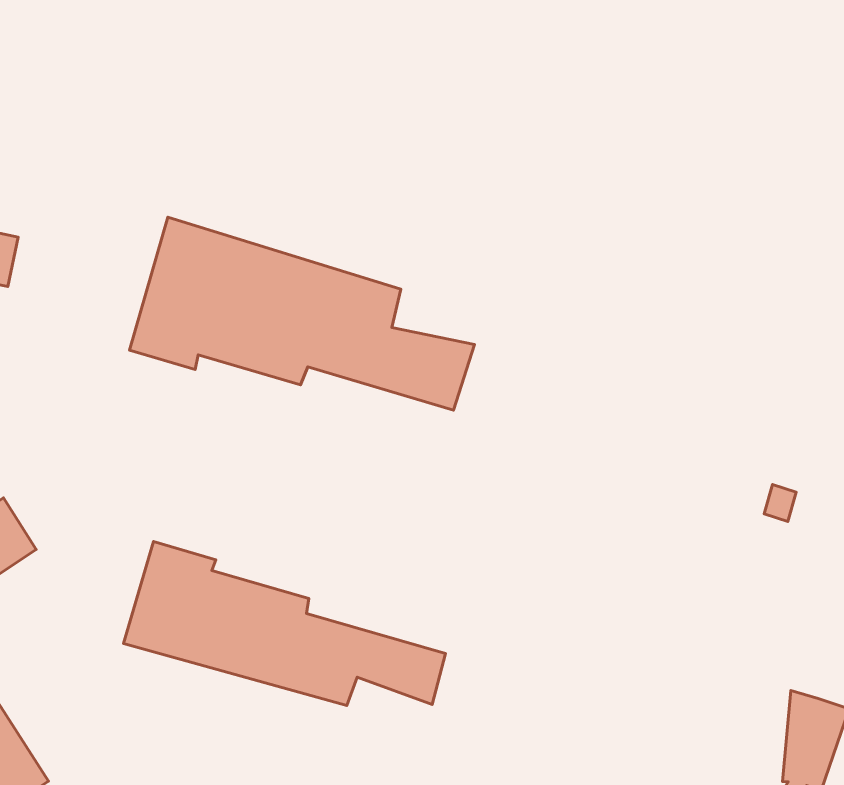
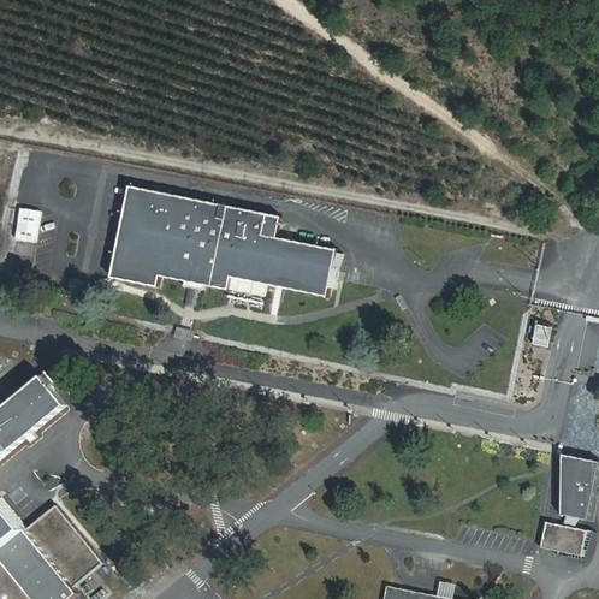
building: [123,541,445,706] -> none

